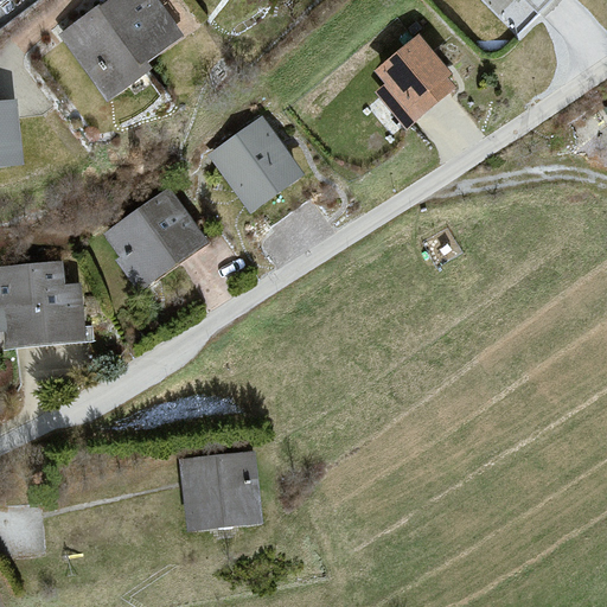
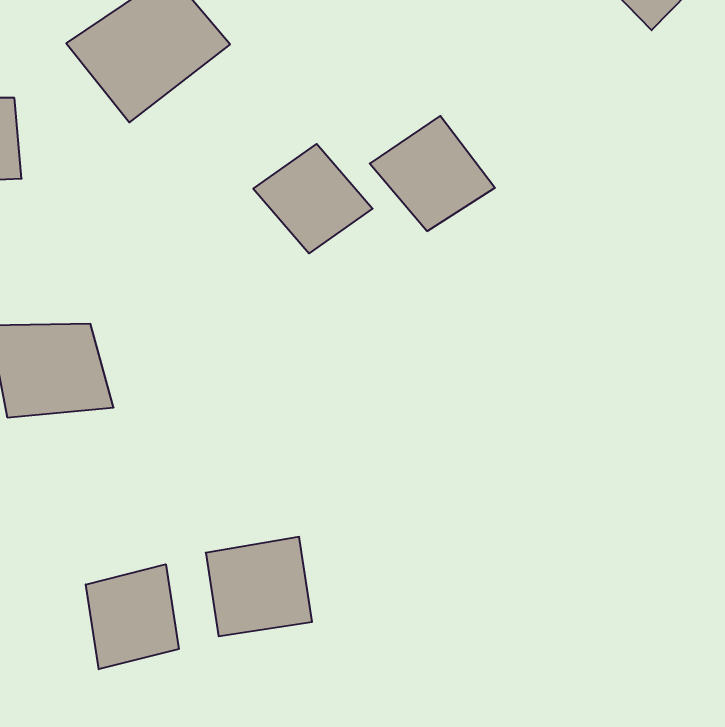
building: [360,30,464,124] -> [370,116,495,231]
building: [100,192,209,285] -> none
building: none -> [86,564,179,669]

